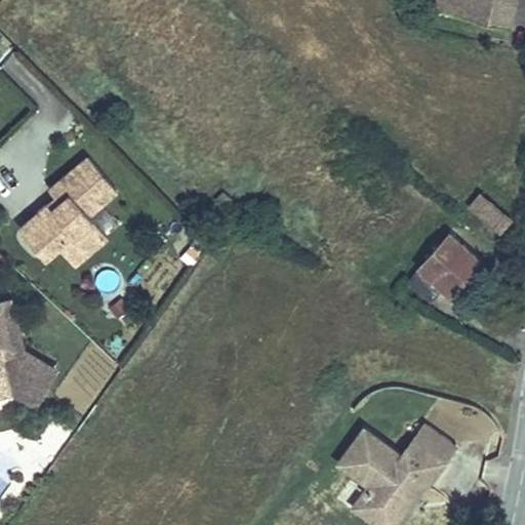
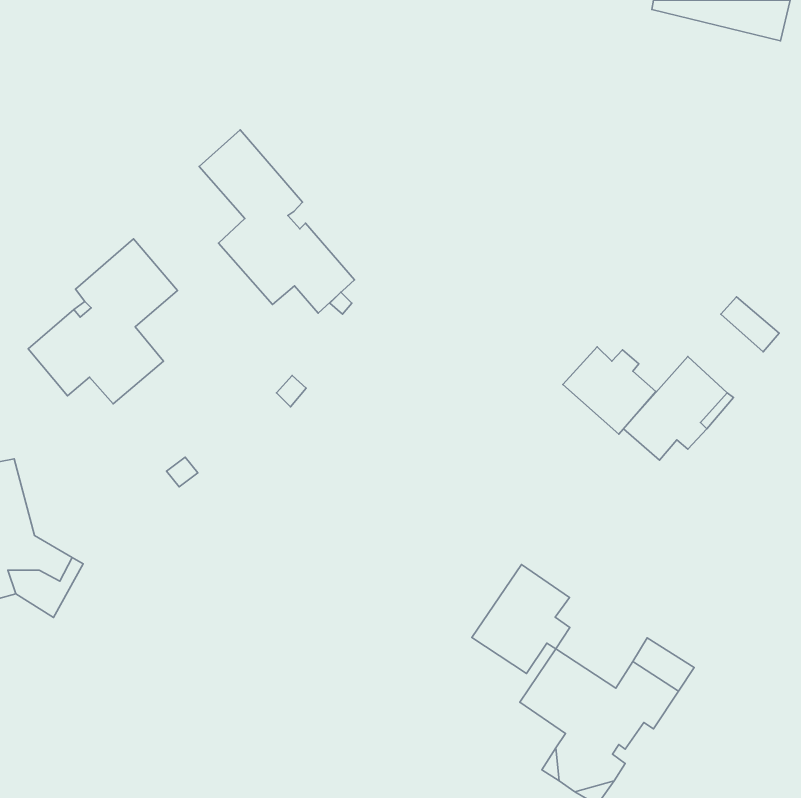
building: none -> [199,130,354,313]
building: none -> [563,347,656,434]
building: none -> [472,564,570,673]

